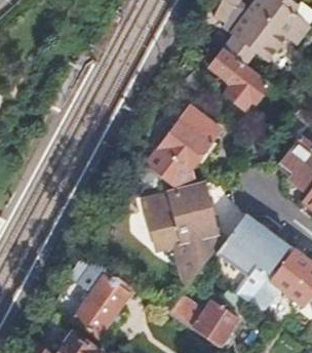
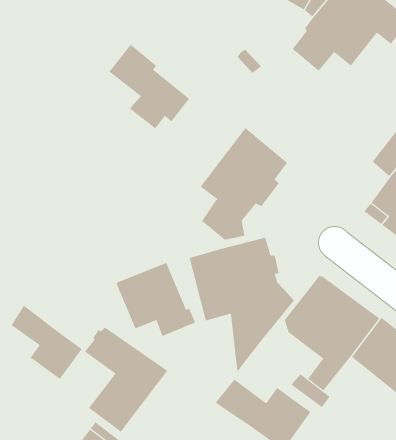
building: [208,46,269,110] -> [109,44,190,129]
building: none -> [115,262,196,337]
building: none -> [11,305,82,380]

